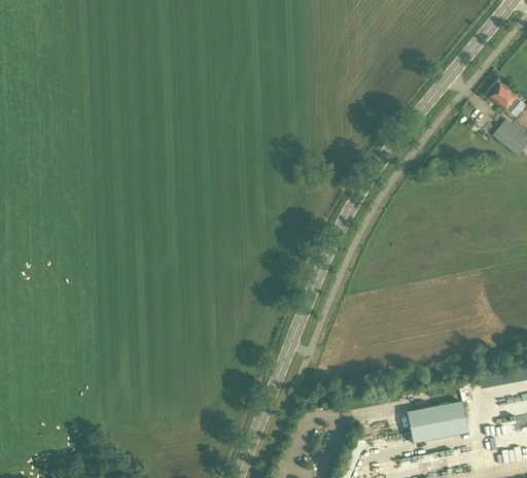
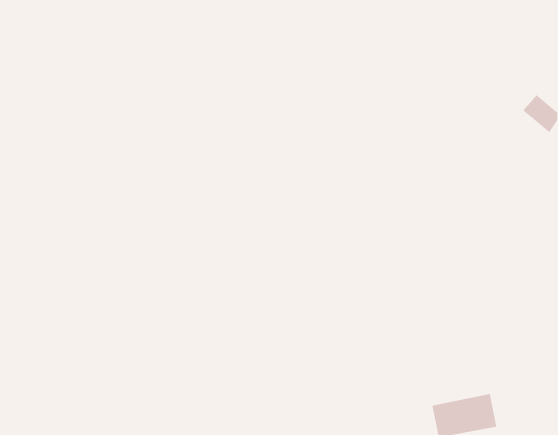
building: [490,83,520,114] -> none

